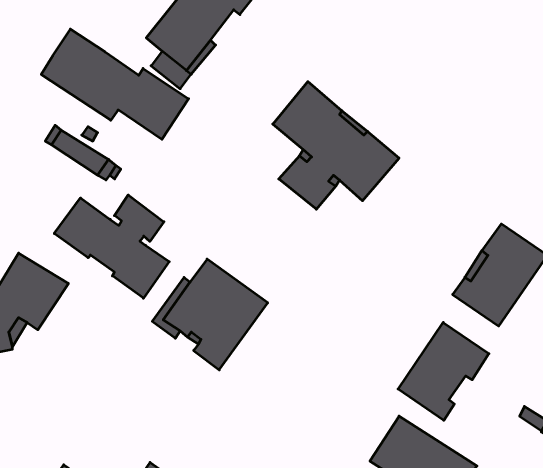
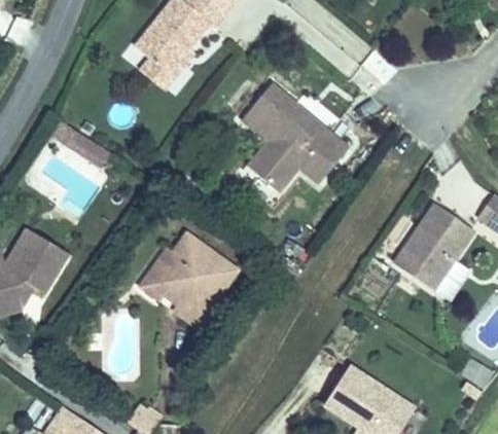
building: [41,29,189,139] -> none
building: [54,195,169,298] -> none
building: [398,322,489,420] -> none

